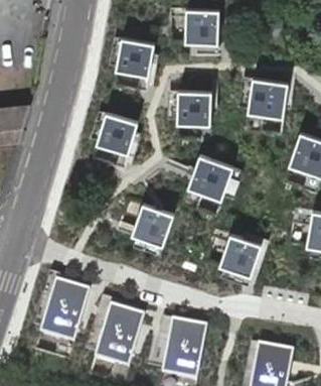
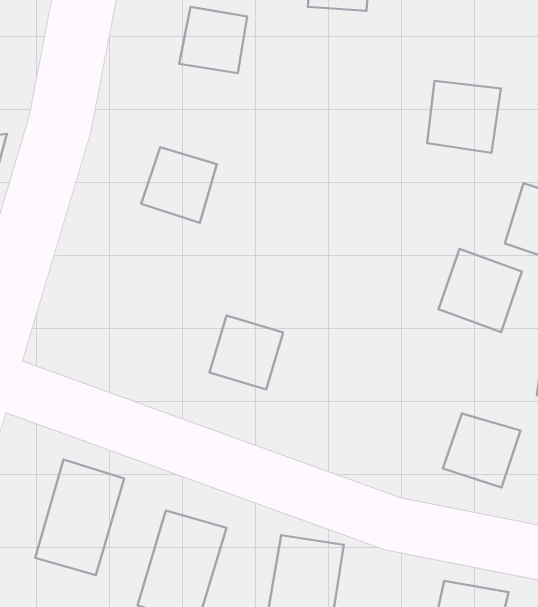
building: [178,91,211,123] -> none
building: [189,154,233,199] -> [439,249,522,332]
building: [220,235,262,274] -> [443,414,521,487]

